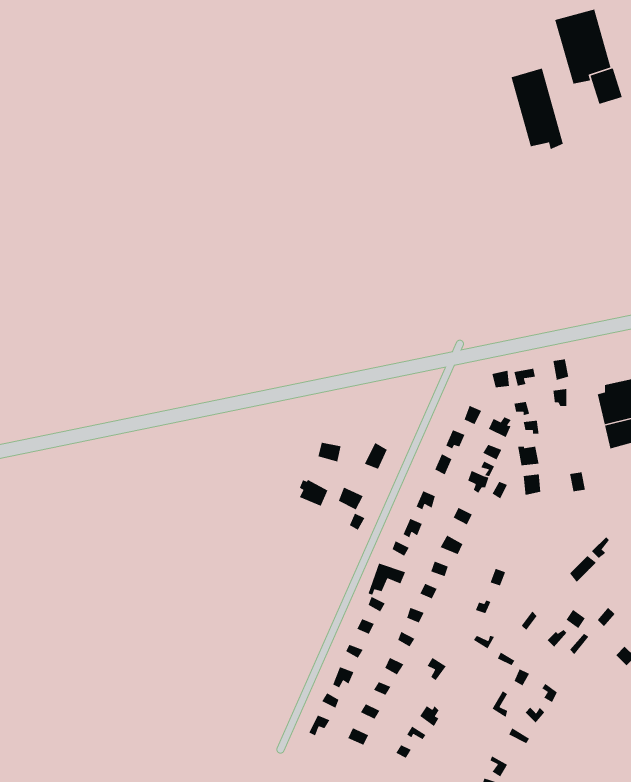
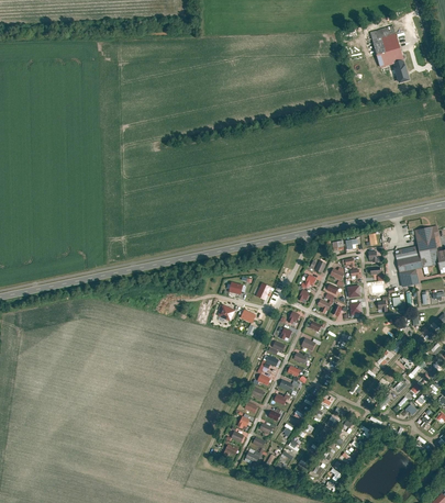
building: [511,67,564,150] -> none

